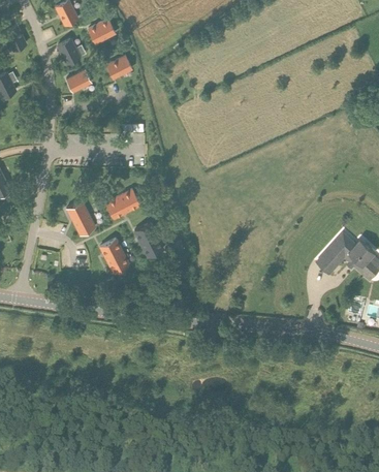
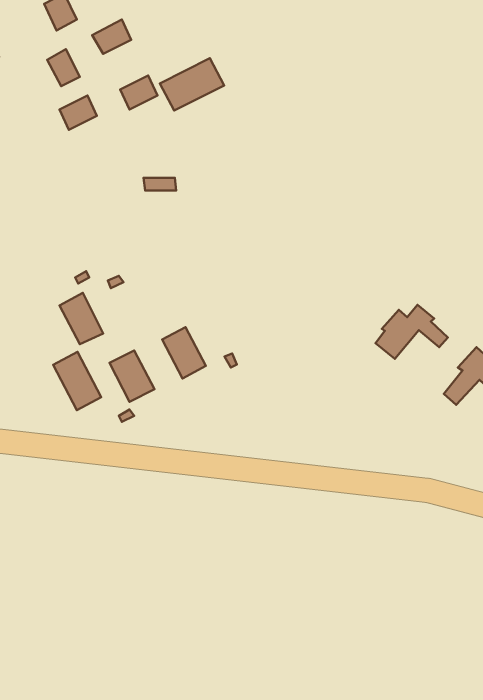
building: none -> [160,58,224,111]
building: [105,189,139,219] -> none
building: none -> [375,305,448,359]
building: none -> [53,352,101,410]

